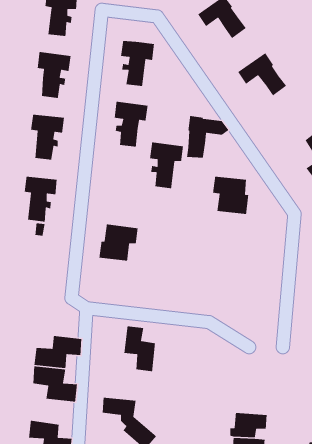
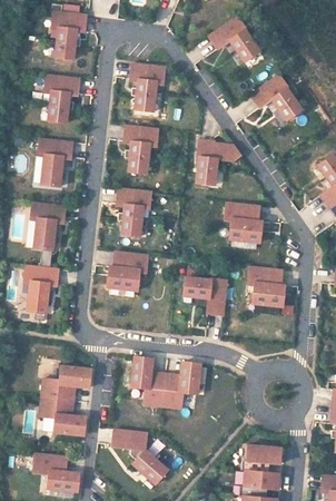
building: [149,141,184,189] -> [116,188,151,237]
building: none -> [23,266,58,321]
building: none -> [247,267,285,307]
building: none -> [182,277,226,315]
building: none -> [162,361,199,406]

